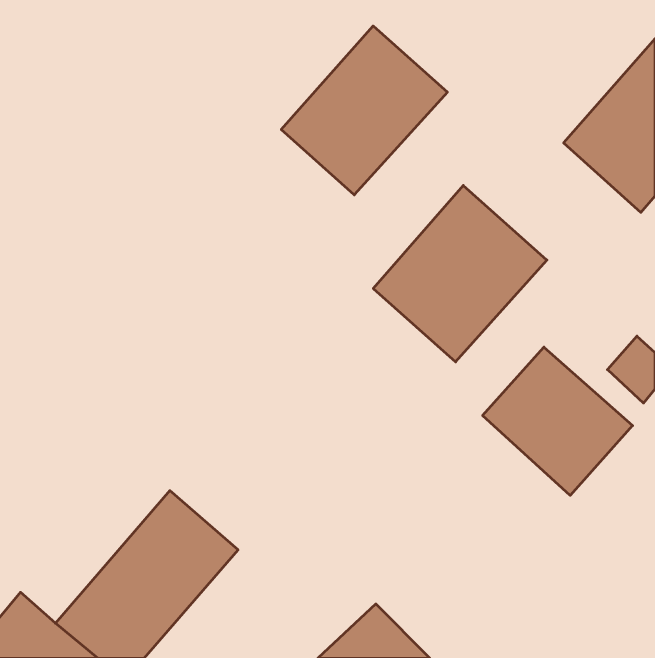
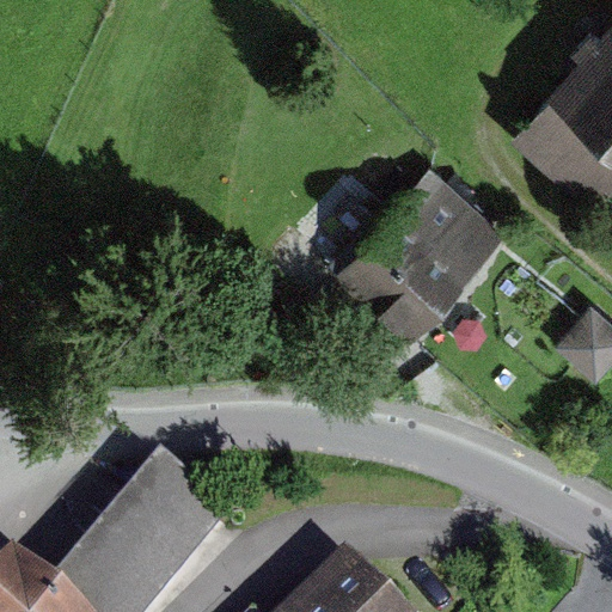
building: [281,26,447,195] -> none
building: [483,347,633,495] -> none

